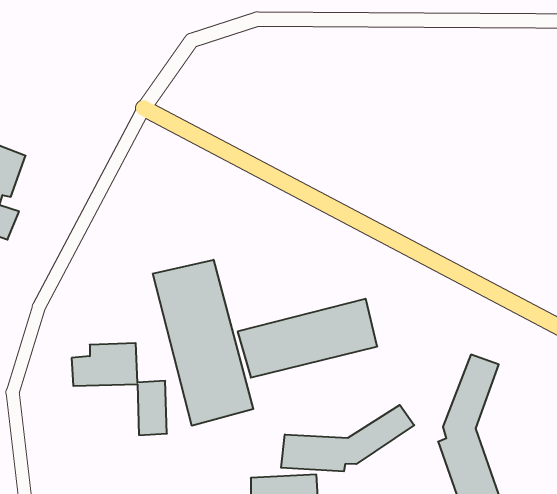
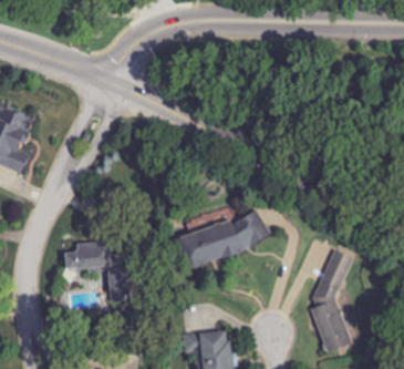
building: [153,260,253,426] -> none
building: [281,405,414,471] -> none

